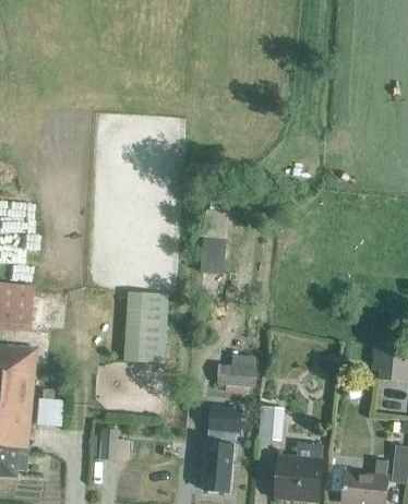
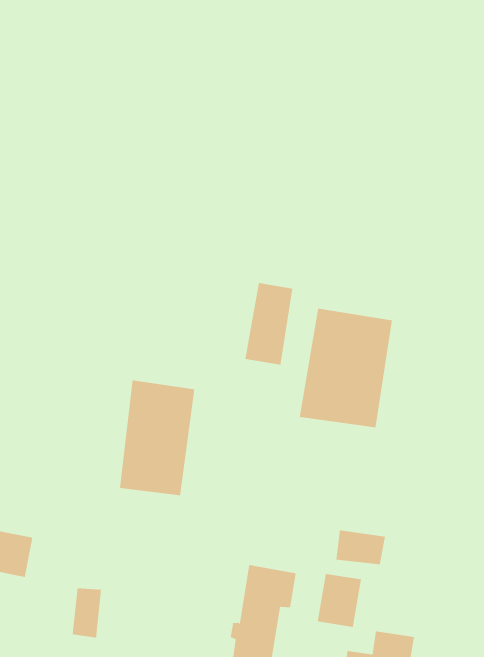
building: none -> [299,308,392,428]
building: [226,365,257,386] -> [335,530,386,565]

